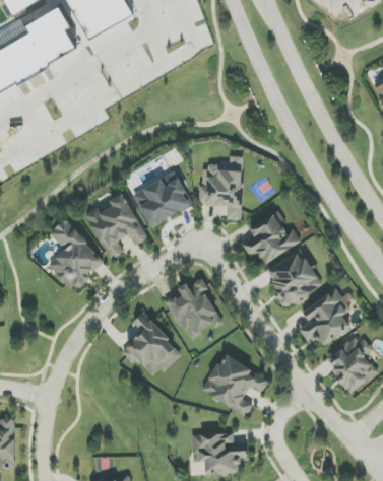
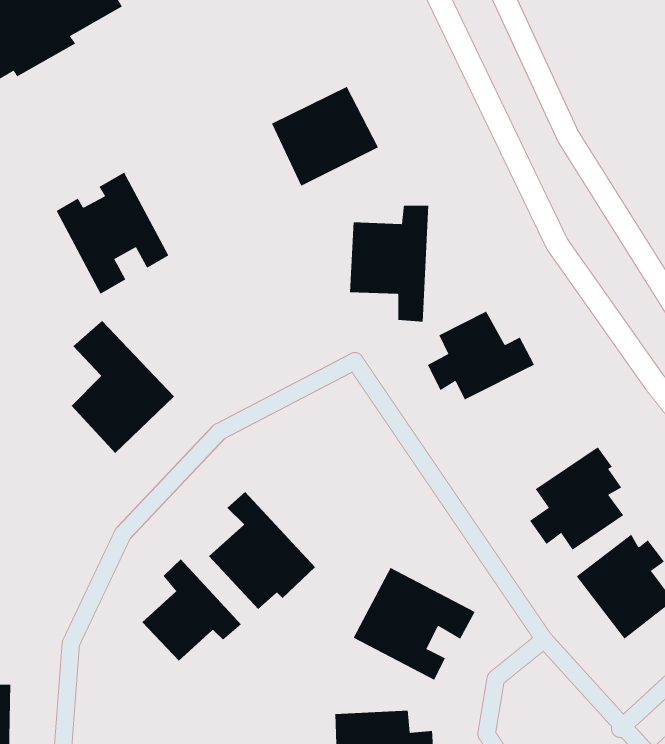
building: [133,171,192,226] -> [271,86,379,187]
building: [85,192,147,259] -> [56,172,169,294]
building: [264,250,322,307] -> none
building: [167,276,220,338] -> none
building: none -> [142,558,242,662]

